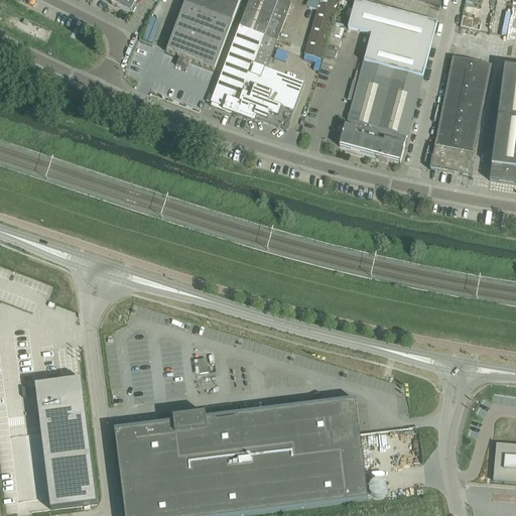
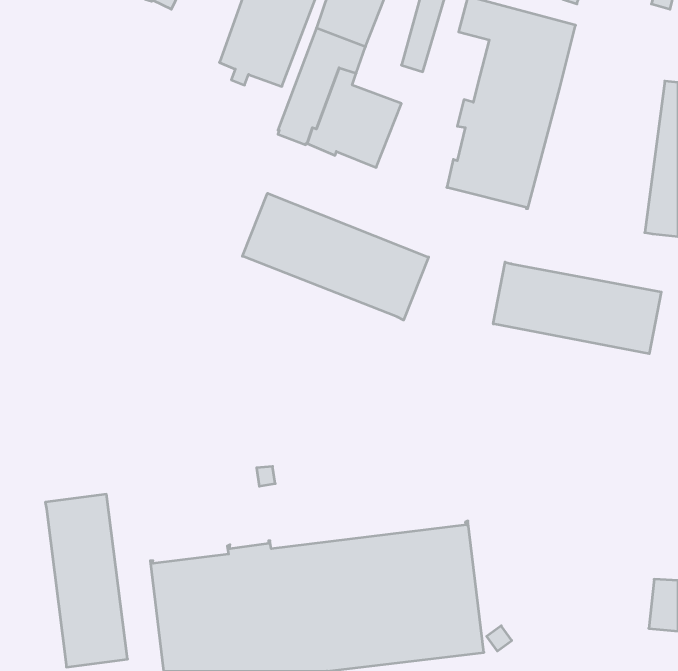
building: [429,53,491,172] -> none
building: none -> [242,193,429,320]
building: none -> [493,262,661,354]

